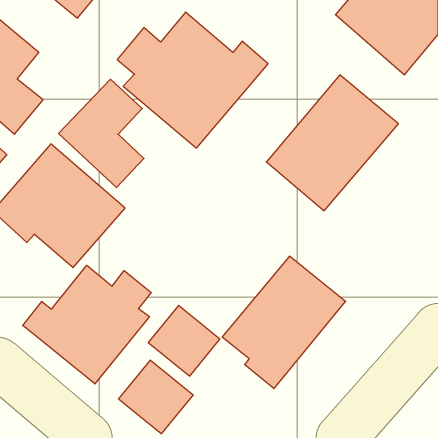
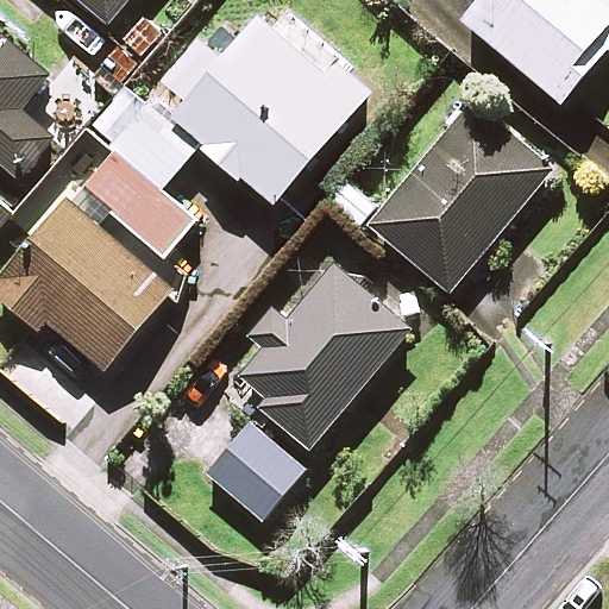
building: [222,256,346,389] -> [238,265,408,448]
building: [23,265,151,384] -> none
building: [119,360,193,434] -> none

